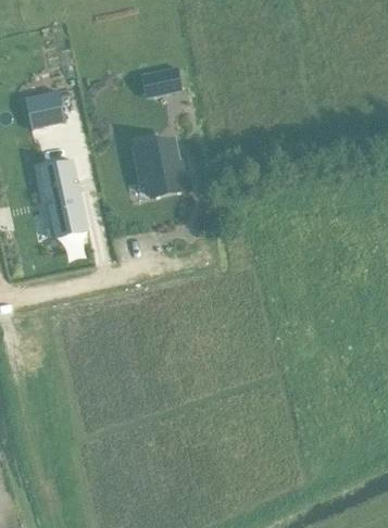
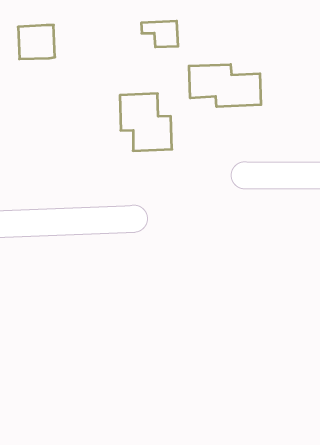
building: none -> [189,64,261,107]
building: [38,159,87,235] -> none

